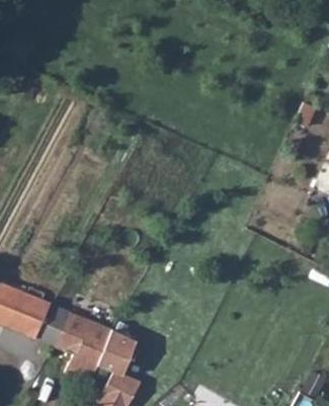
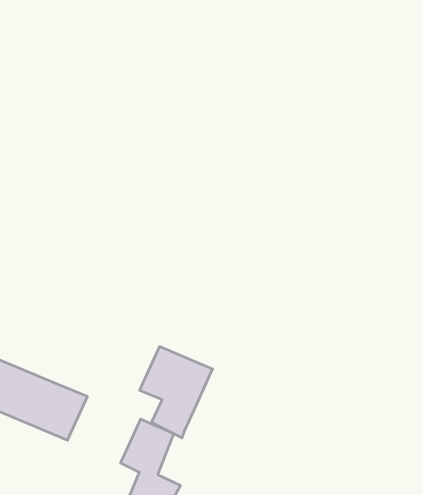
building: [57,312,112,382] -> [140,347,213,438]

